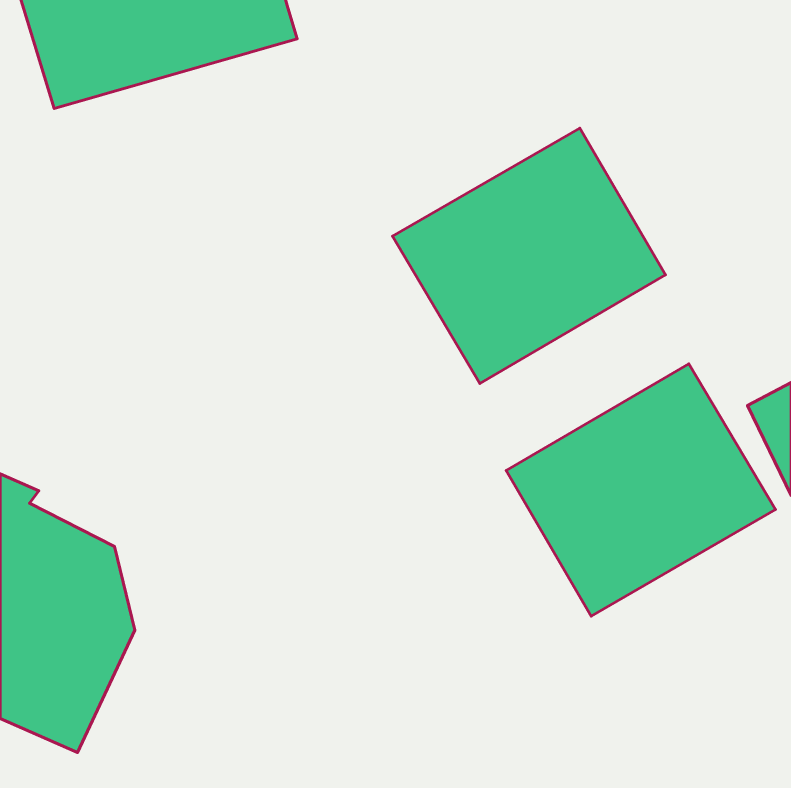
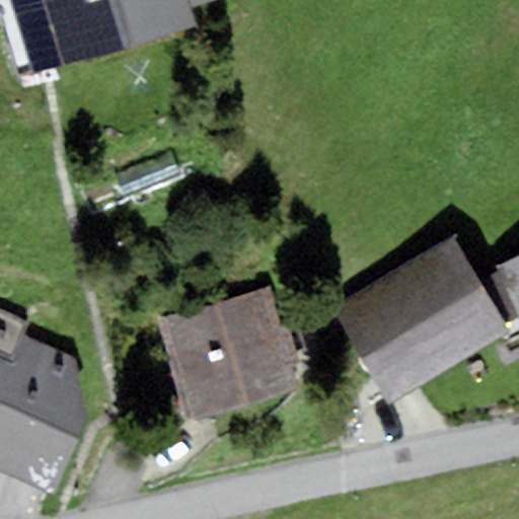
building: [393,128,666,384] -> none
building: none -> [154,286,298,416]

